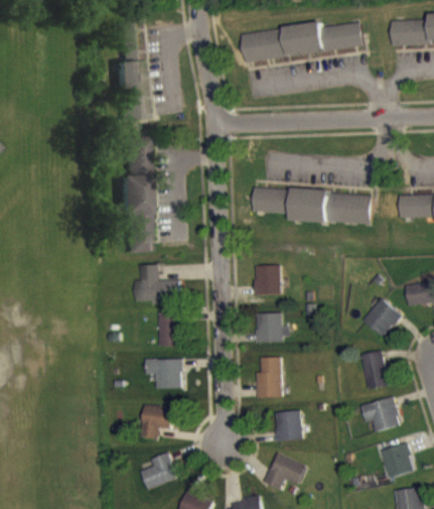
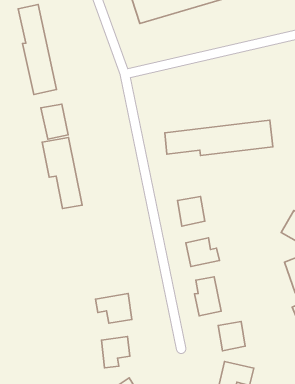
building: [134,264,179,302] -> none
building: [157,312,179,346] -> none

